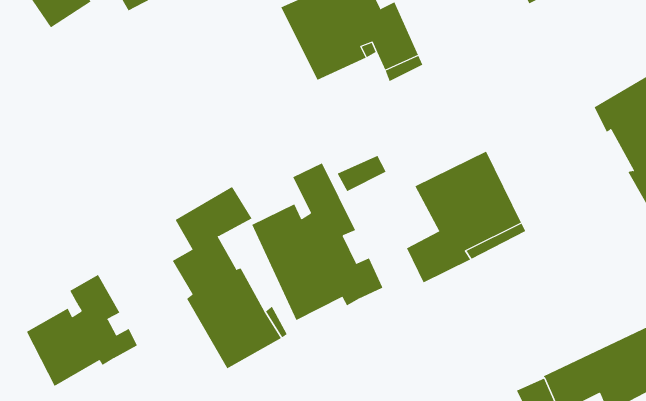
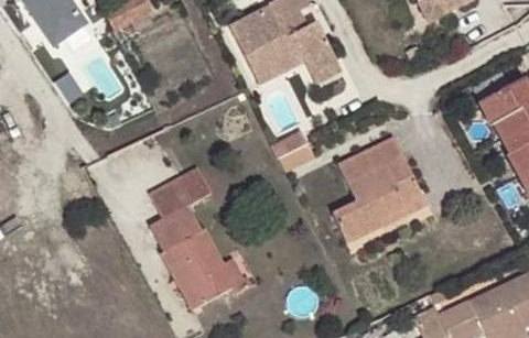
building: [252,162,383,321] -> none
building: [26,274,138,387] -> none

